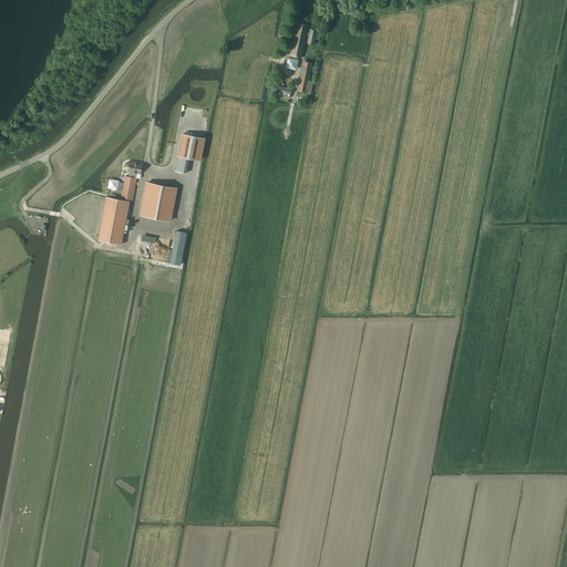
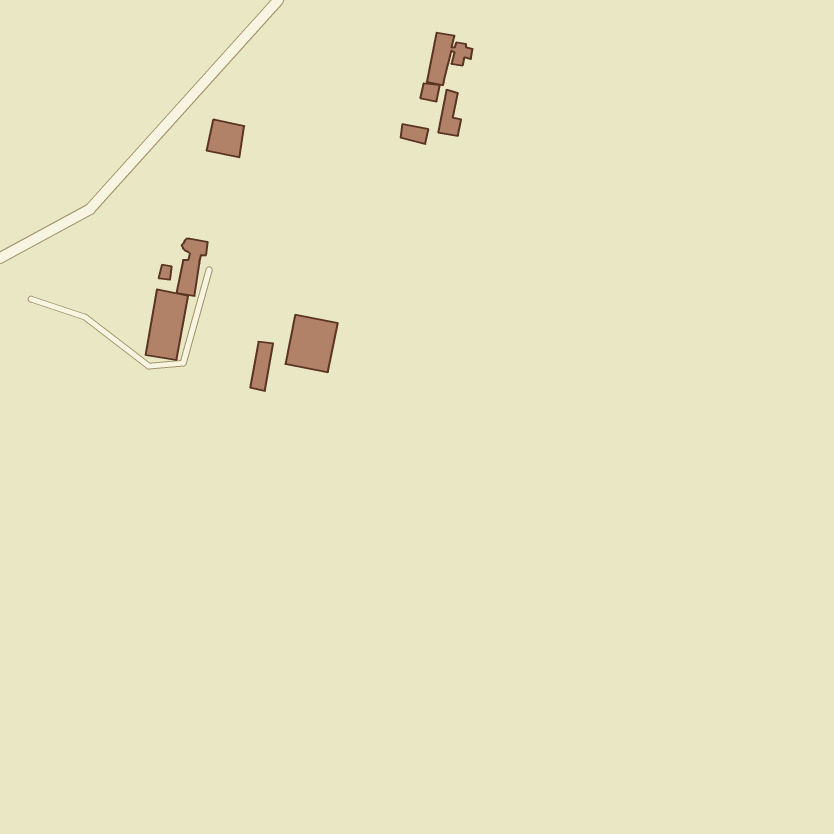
building: [177,135,203,161] -> [207,120,244,157]
building: [140,183,175,221] -> [285,315,338,372]

